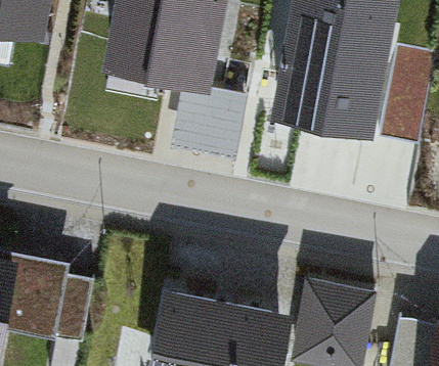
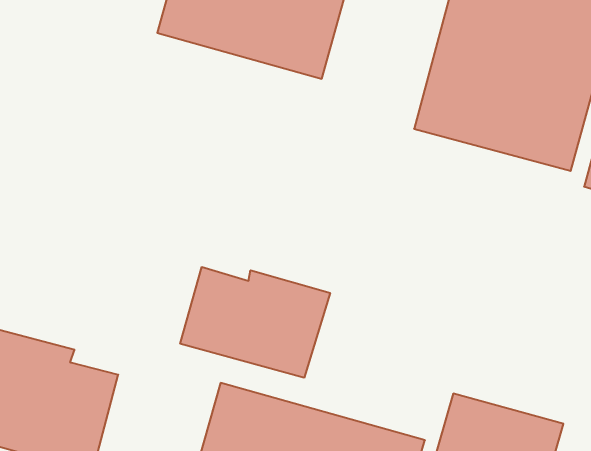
building: none -> [180,267,330,378]

